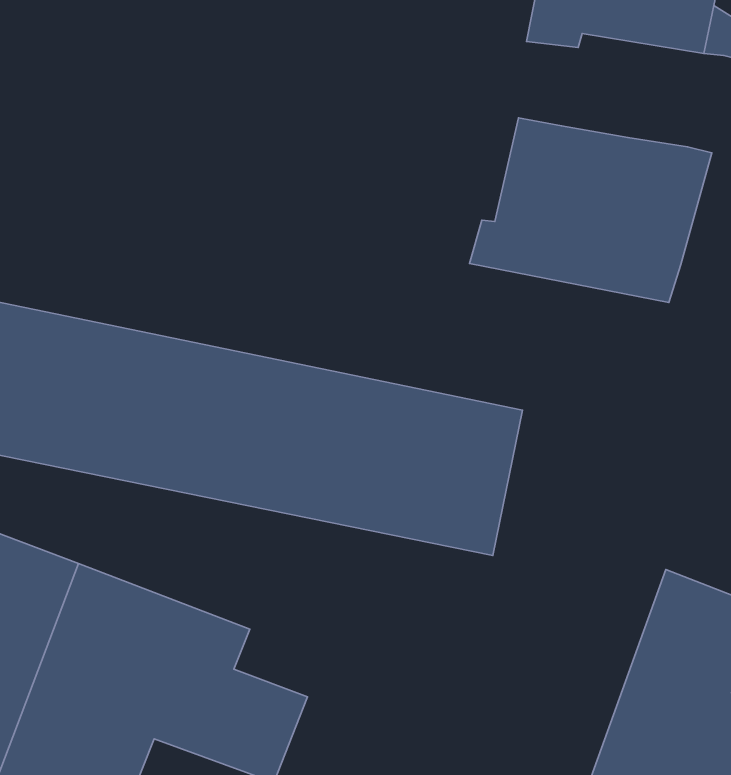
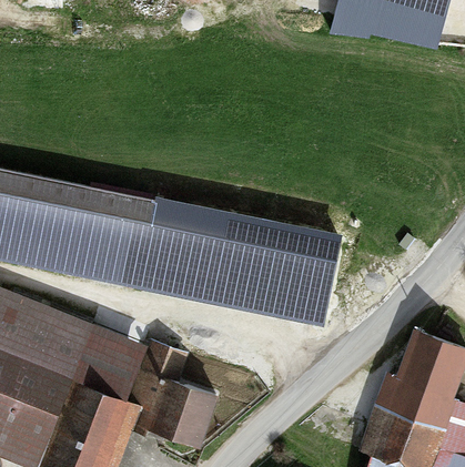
building: [470,118,712,303] -> none

